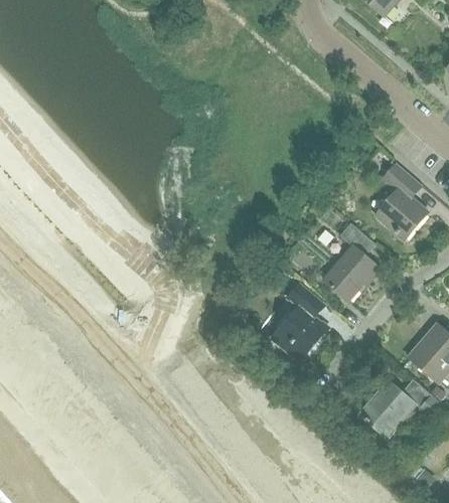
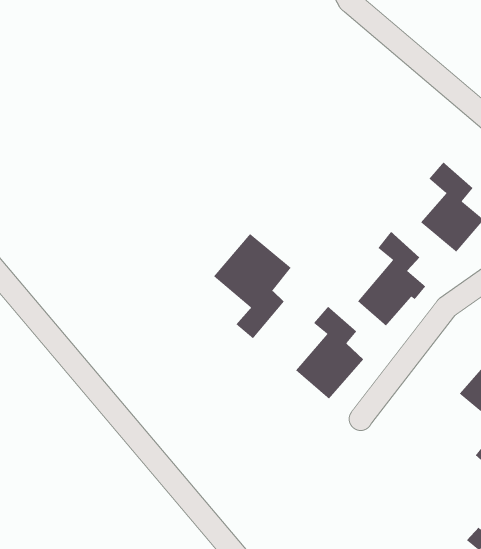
building: none -> [213,233,292,339]
building: [358,379,415,438] -> none

